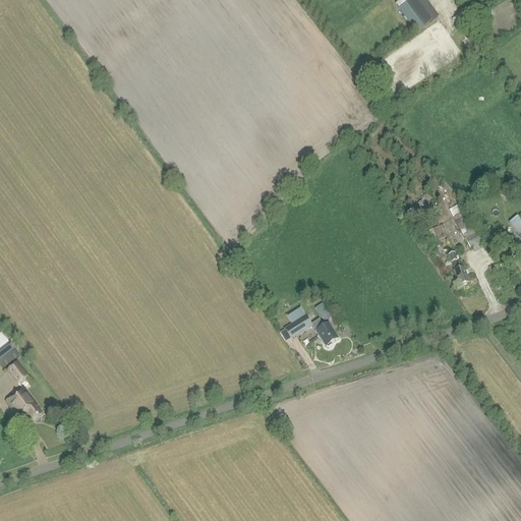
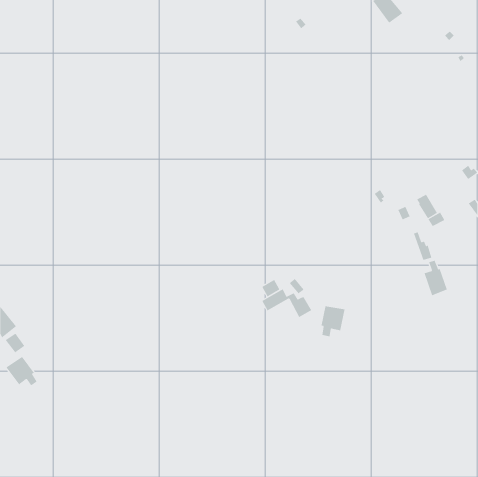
building: none -> [424,260,447,296]
building: none -> [321,305,345,337]

